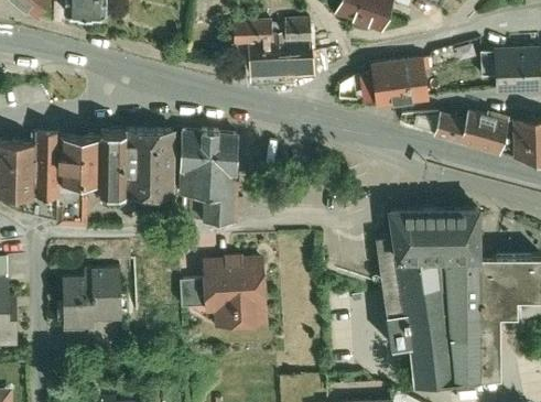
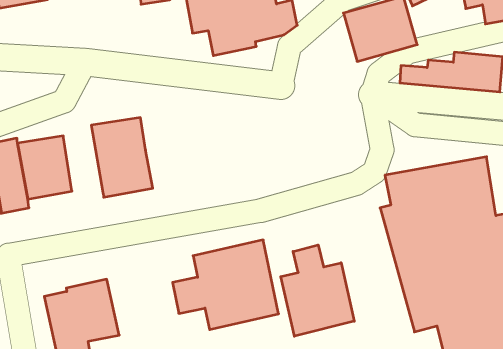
building: [101,130,129,192] -> none
building: [173,130,240,226] -> none
building: none -> [281,245,354,336]

